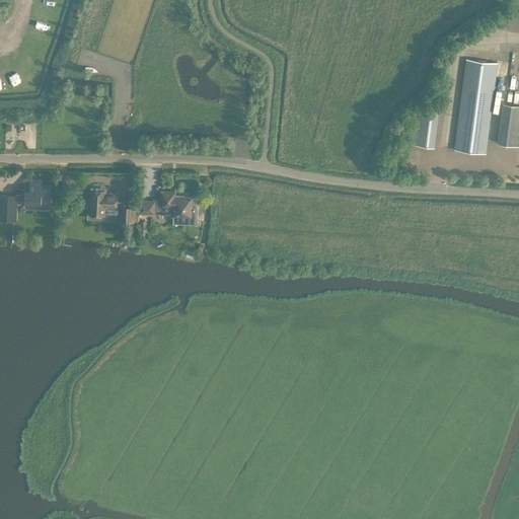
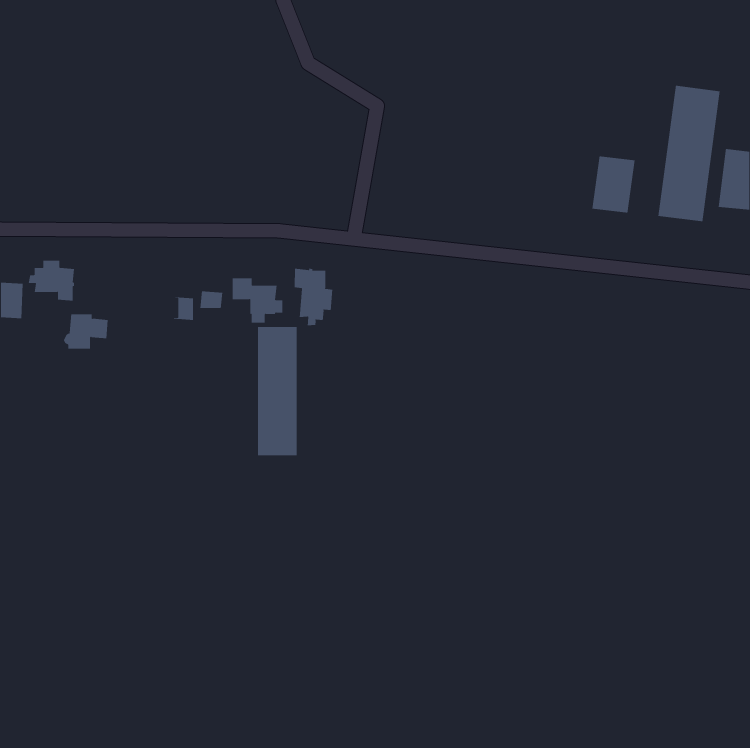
building: none -> [294,268,333,326]
building: [85,192,117,216] -> [63,314,109,349]
building: none -> [258,326,297,456]

